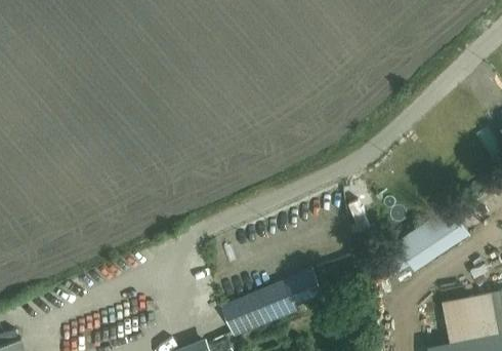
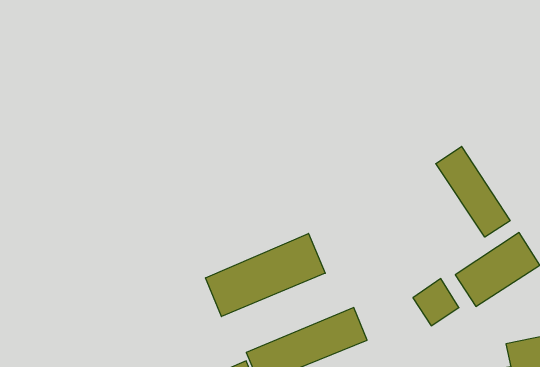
building: none -> [436,146,510,237]
building: none -> [206,233,325,317]

